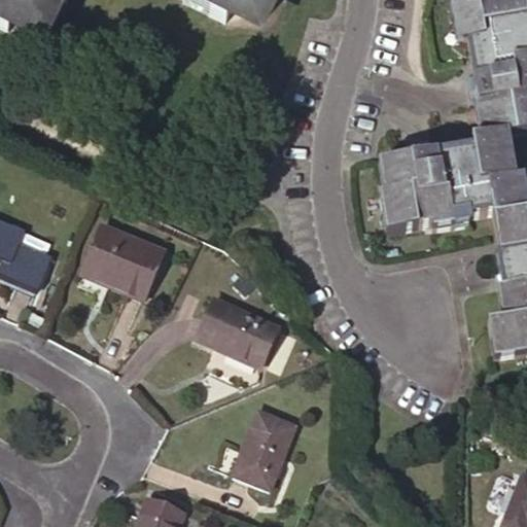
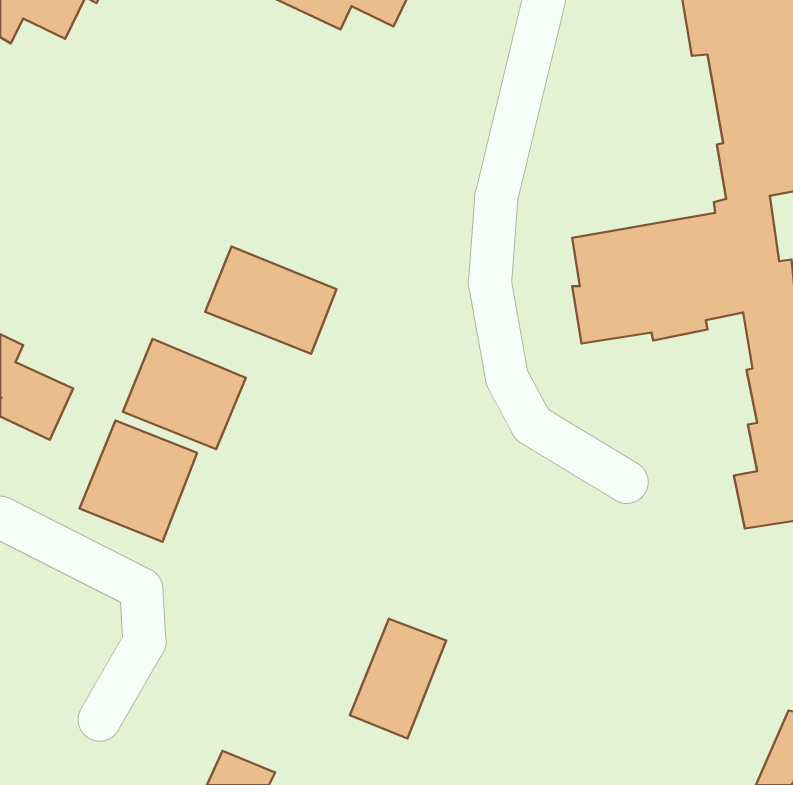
building: none -> [205,246,337,354]
building: none -> [79,421,197,542]
building: [197,297,279,363] -> none

